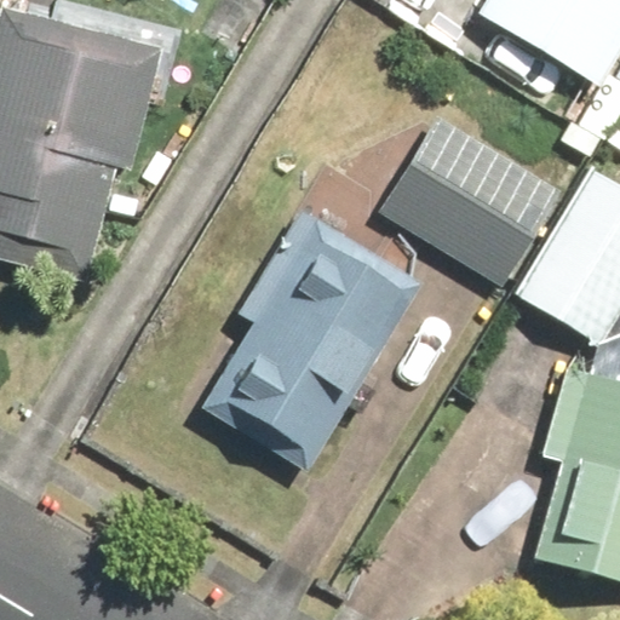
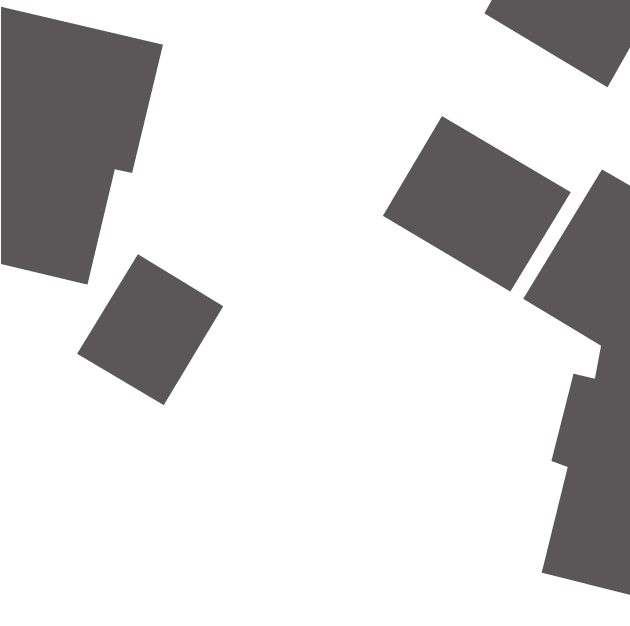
building: [197,214,421,470] -> none
building: none -> [76,253,224,406]

